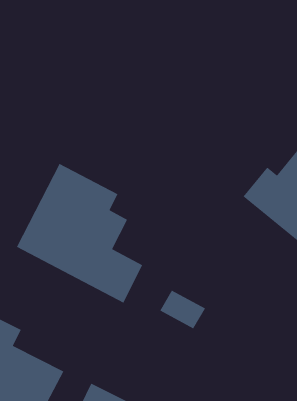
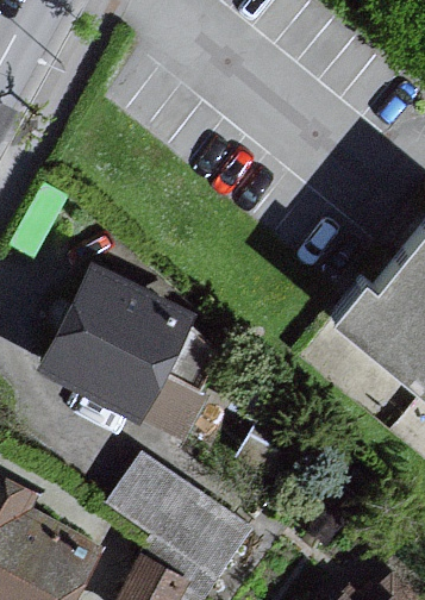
building: none -> [112,452,251,575]

